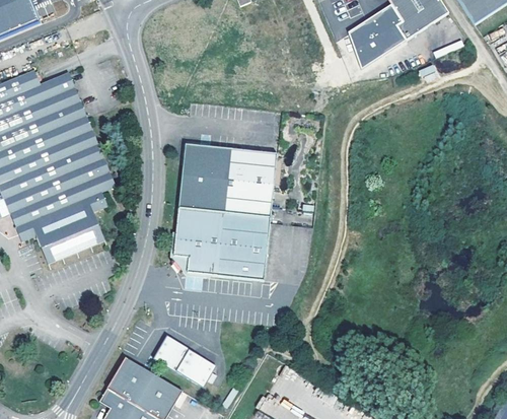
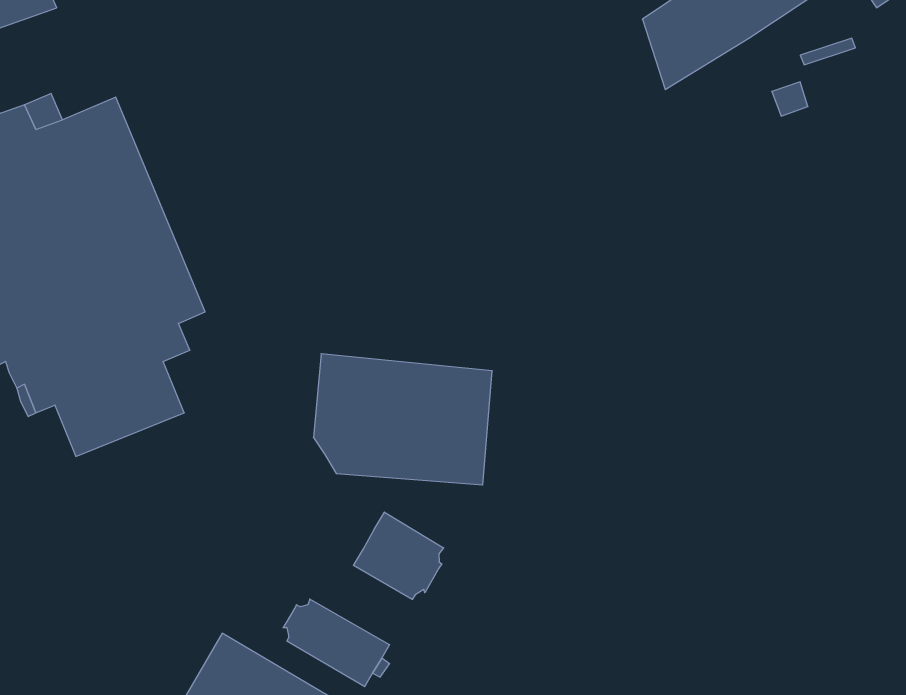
building: [178,145,275,217] -> none
building: none -> [353,512,444,599]

